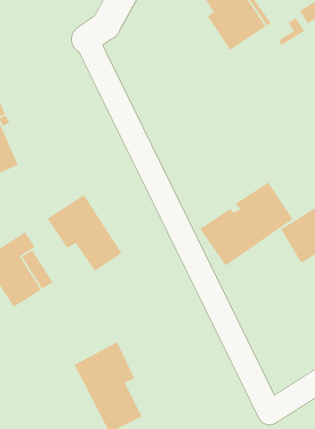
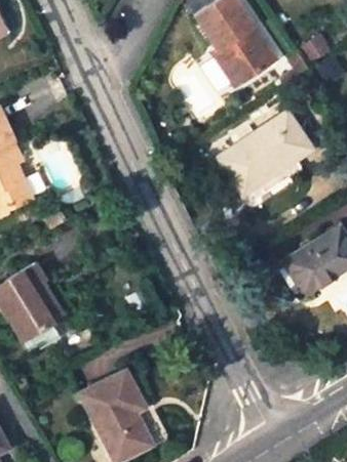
building: [199,182,294,267] -> [219,112,311,195]
building: [46,194,123,272] -> none

